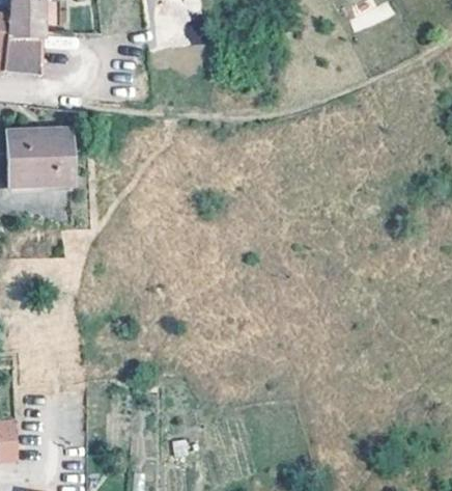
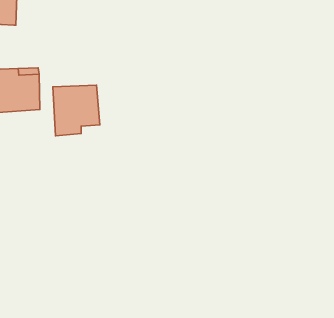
building: none -> [53,85,100,136]

